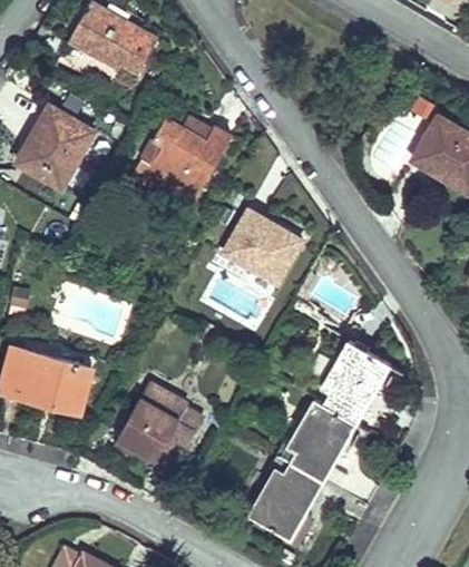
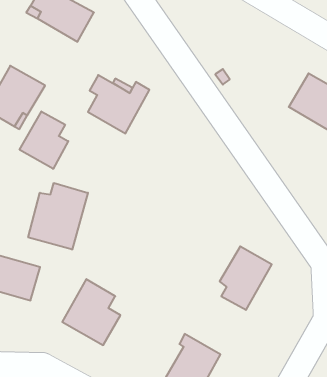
building: none -> [20,111,68,169]
building: [222,209,302,284] -> none
building: none -> [28,183,88,250]
building: [276,400,356,481] -> none

